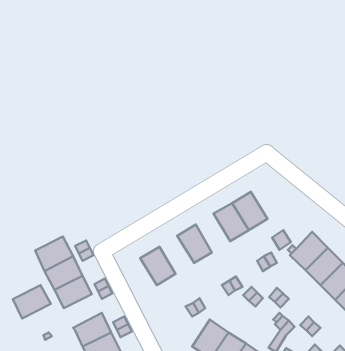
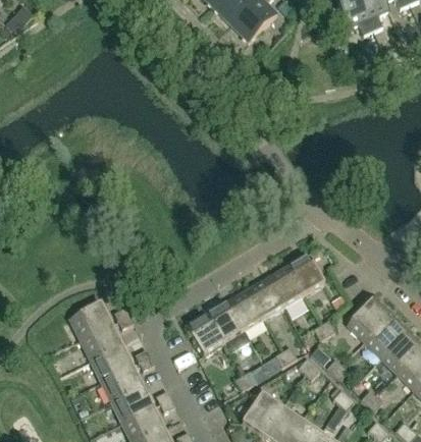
building: none -> [246,277,283,320]
building: none -> [206,301,249,352]
building: [13,285,51,319] -> [101,366,143,402]

